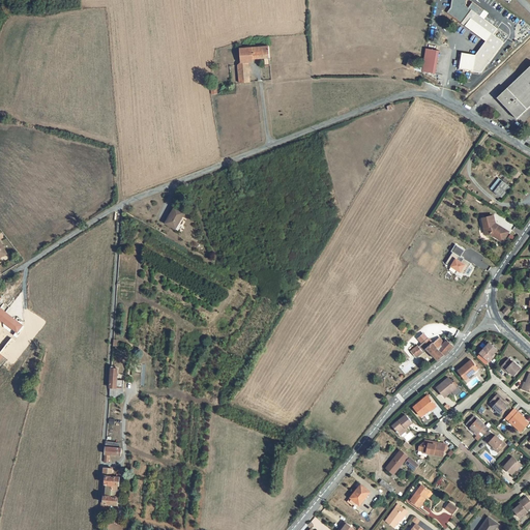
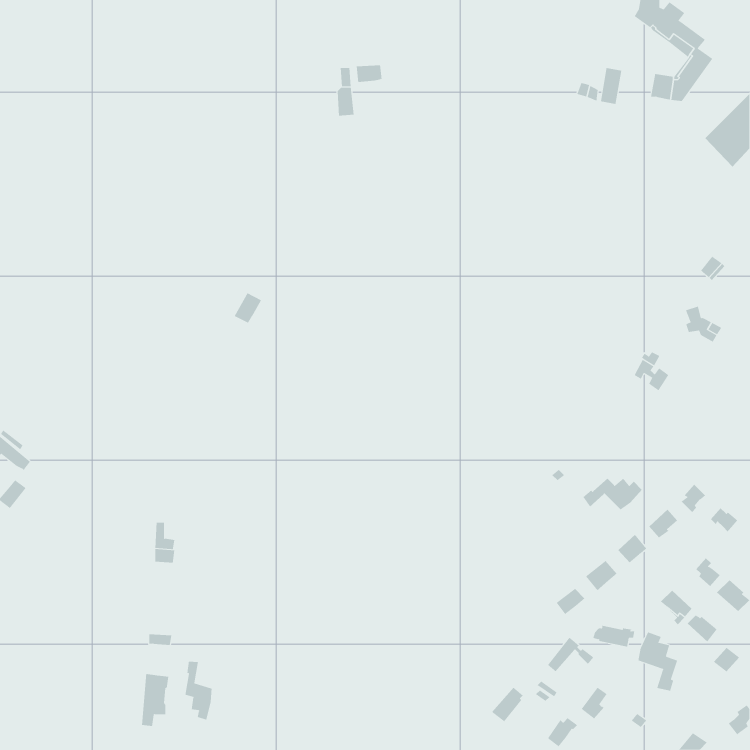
building: none -> [638,632,678,691]
building: none -> [185,661,212,721]

